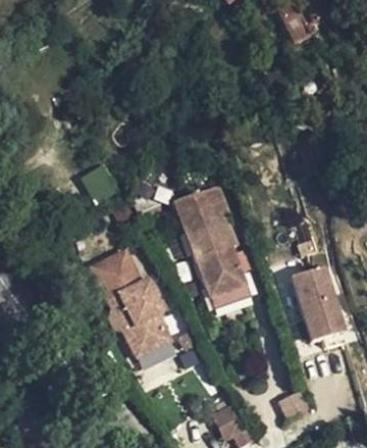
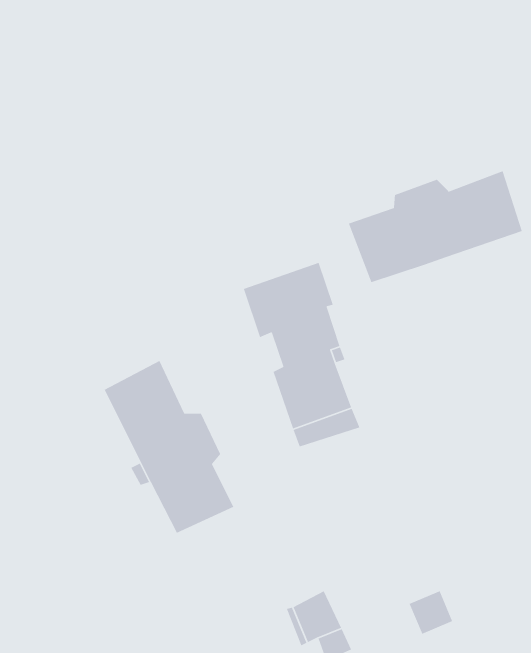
building: none -> [348,170,523,283]
building: [294,269,349,346] -> none

